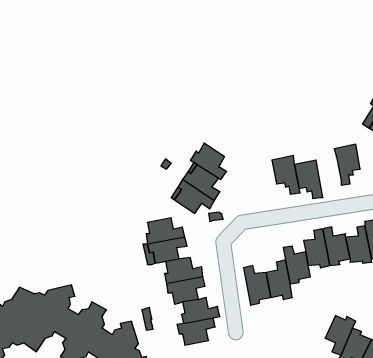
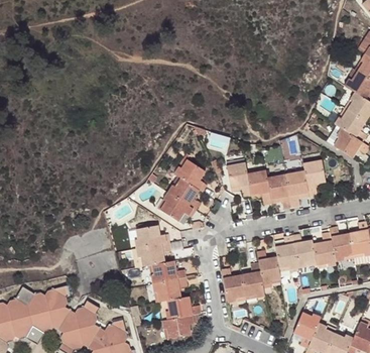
building: none -> [227,163,251,197]
building: none -> [286,171,309,208]

